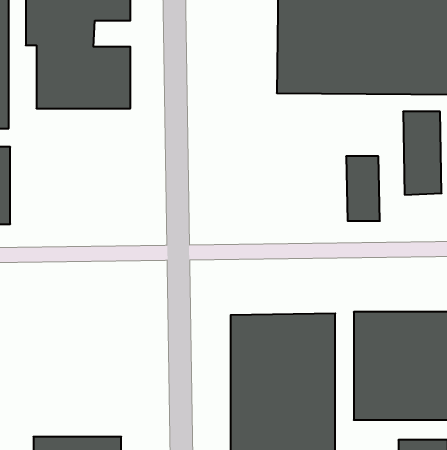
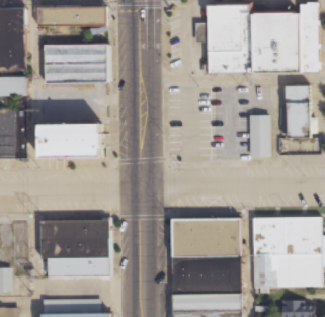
building: none -> [37,124,101,158]
building: none -> [39,220,109,278]

